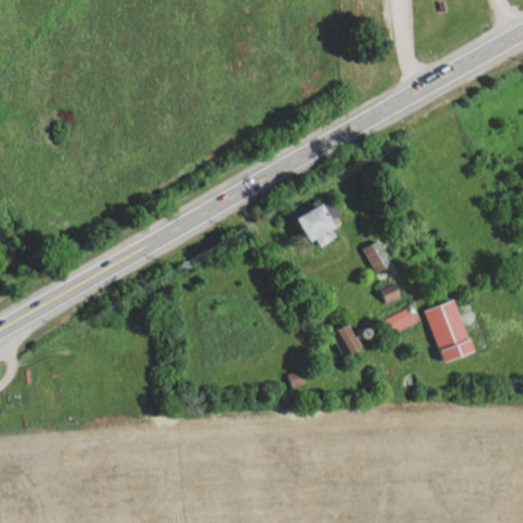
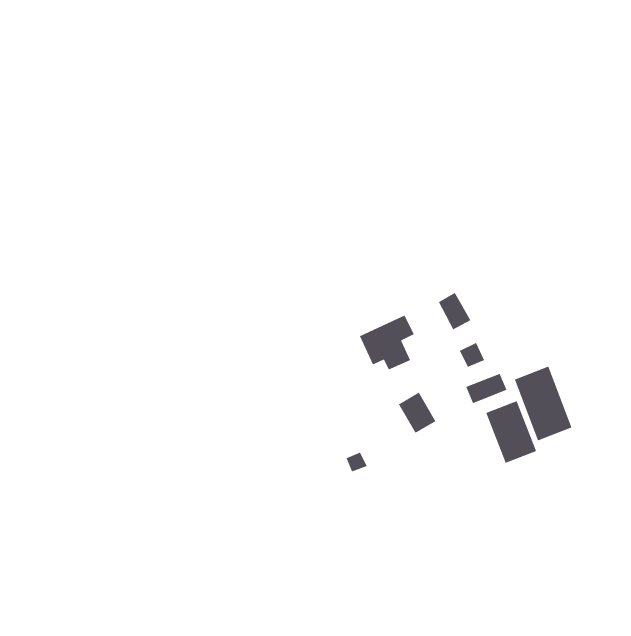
building: [295,199,341,245] -> [359,314,415,371]
building: none -> [485,400,537,464]

